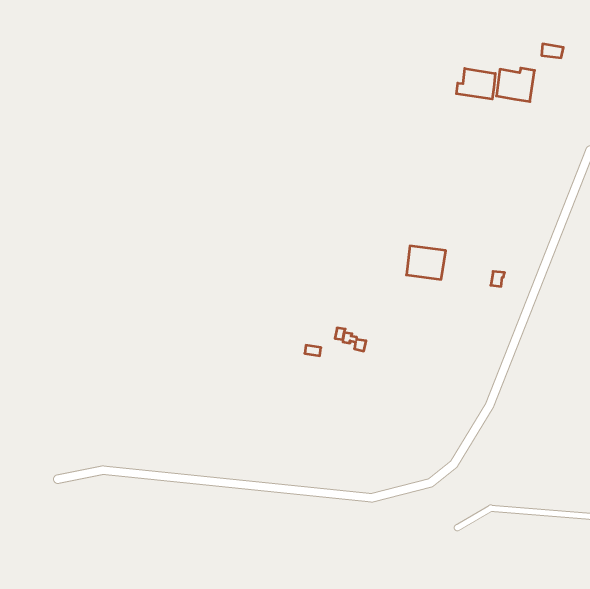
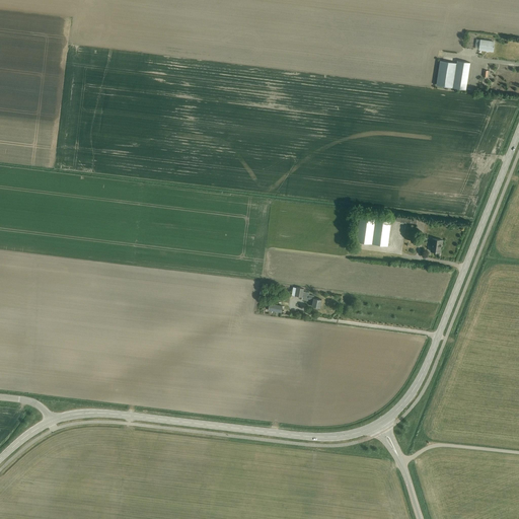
building: [456,68,495,99] -> none

